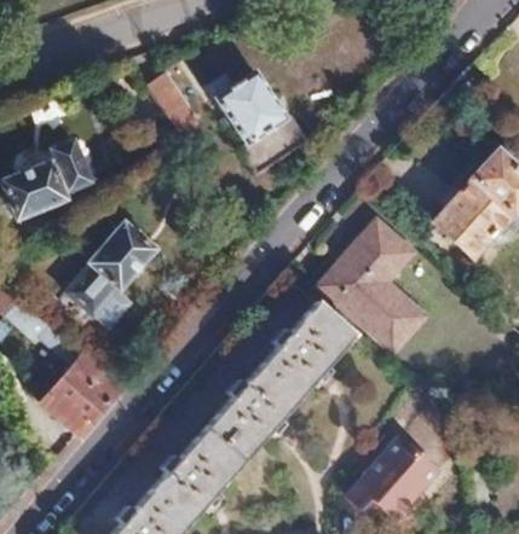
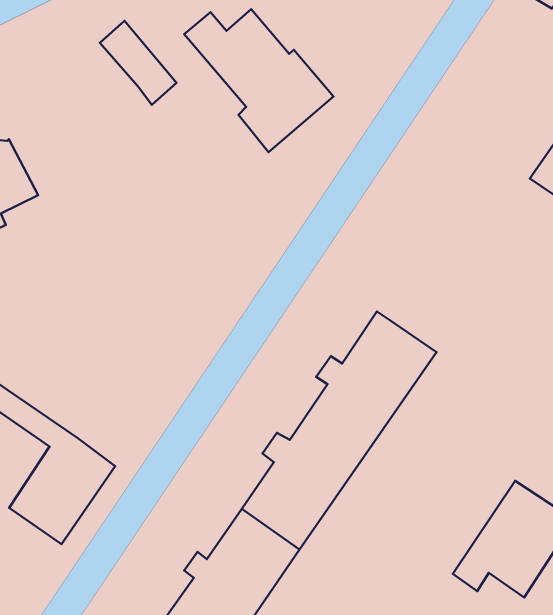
building: [64,220,156,330] -> none
building: [322,220,422,347] -> none

